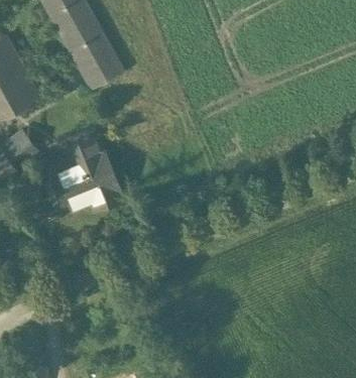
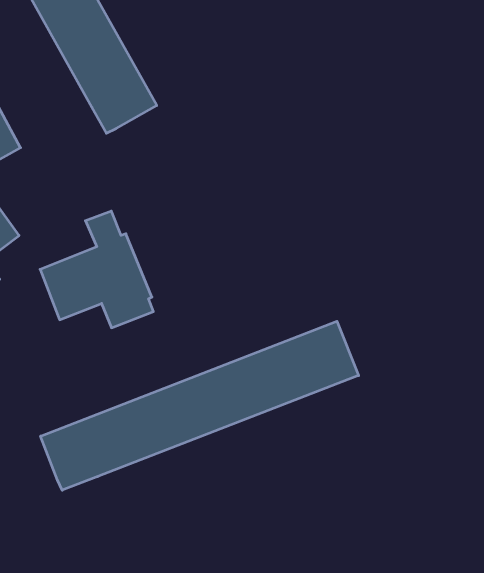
building: none -> [41,321,359,490]

